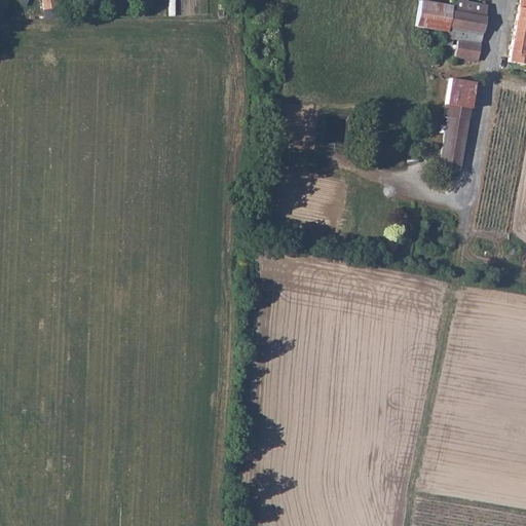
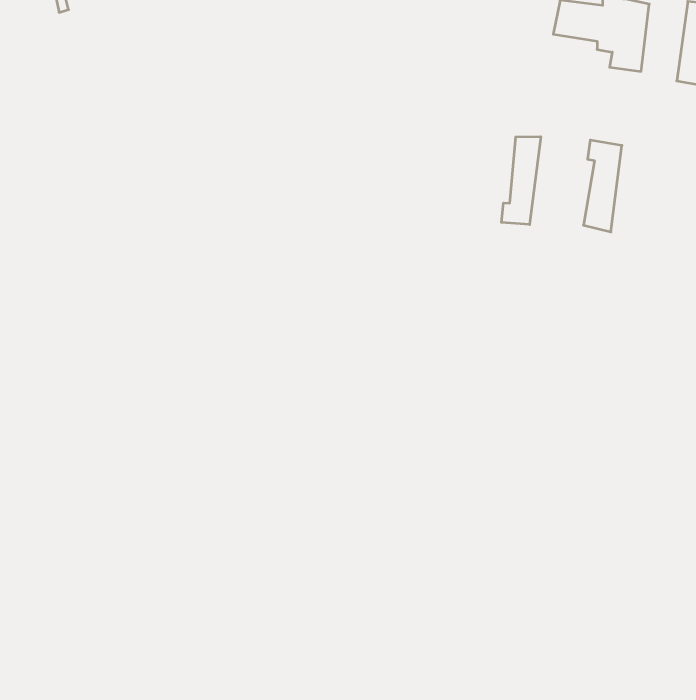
building: [446,77,474,109] -> none
building: none -> [501,137,541,225]

